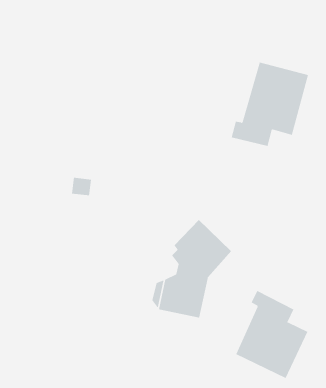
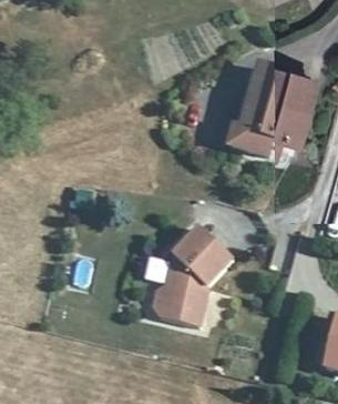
building: [236,290,308,379] -> none

